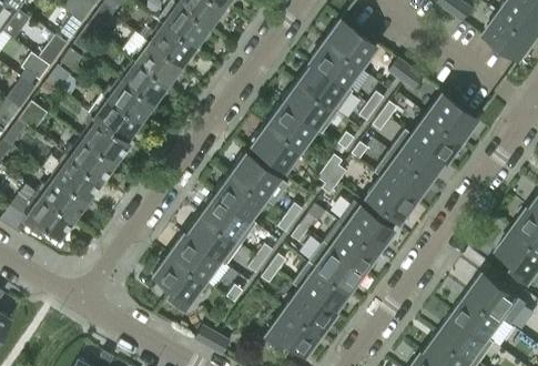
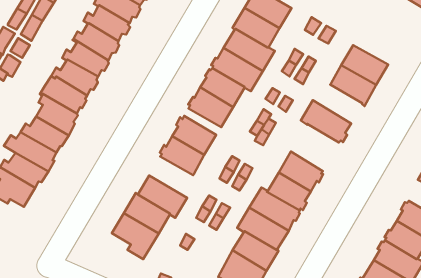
building: [389,131,444,182] -> none
building: [365,177,415,223] -> none
building: [200,197,255,246] -> none

